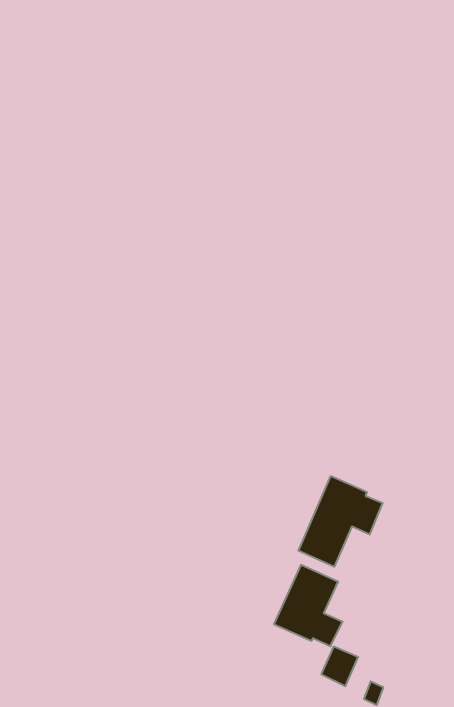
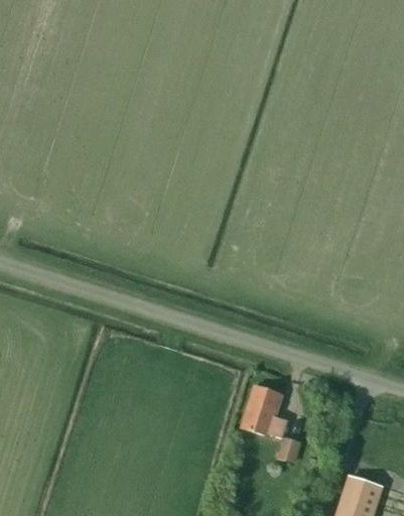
building: [298,476,383,567] -> none

